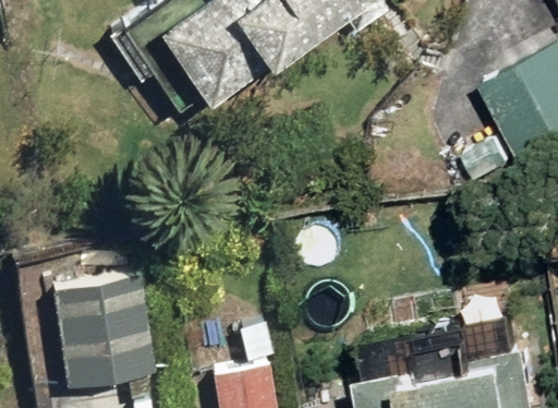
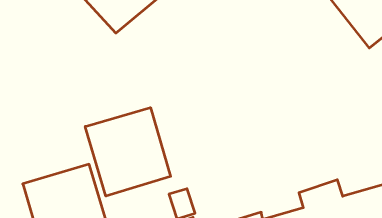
building: none -> [85,108,171,196]

